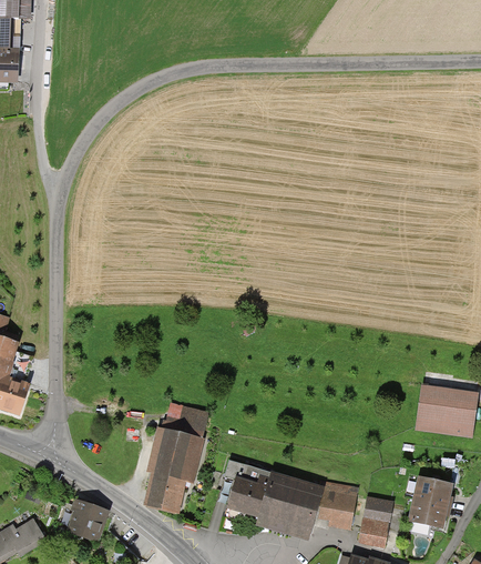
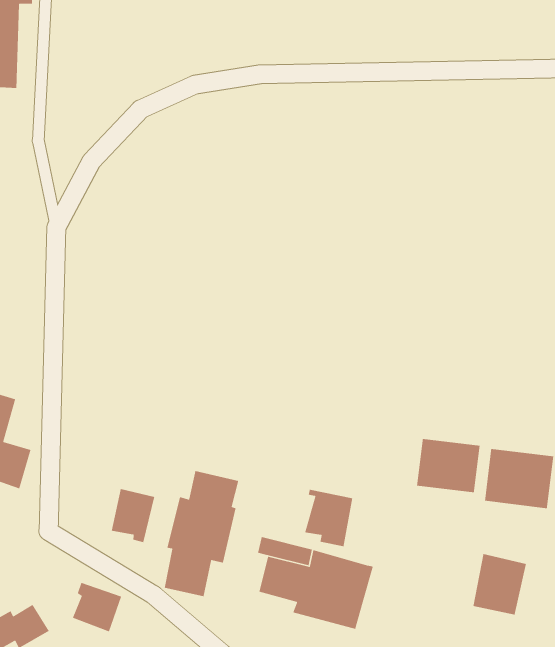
building: none -> [416,438,480,493]
building: none -> [111,488,155,543]
building: [315,479,357,528] -> [304,489,353,547]
building: [357,495,392,547] -> none

